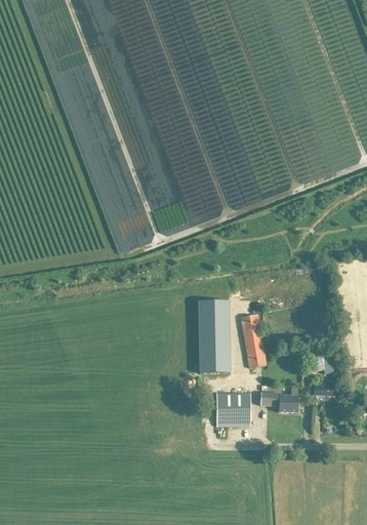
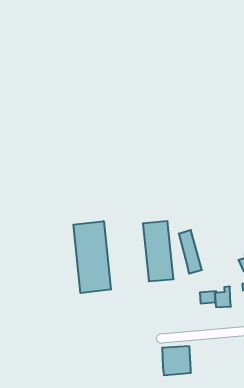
building: none -> [73,221,111,293]
building: [215,392,250,426] -> [162,346,191,375]

